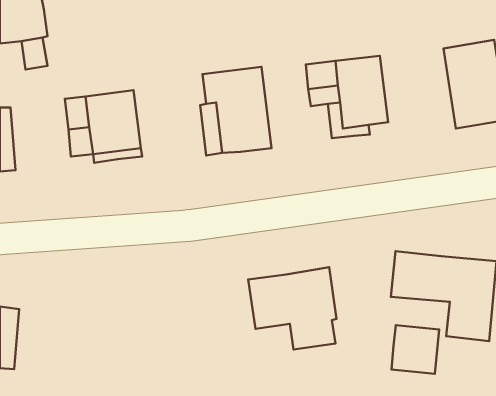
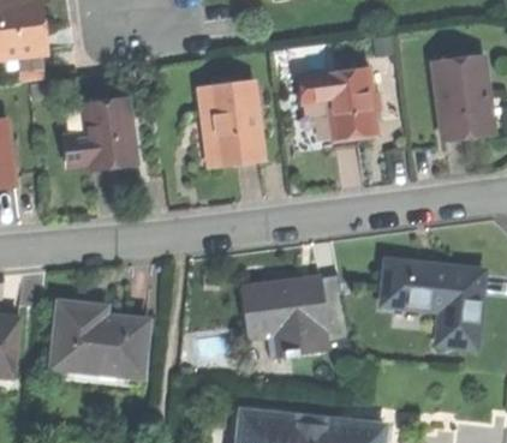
building: none -> [53,301,147,375]
building: [391,325,439,374] -> none

